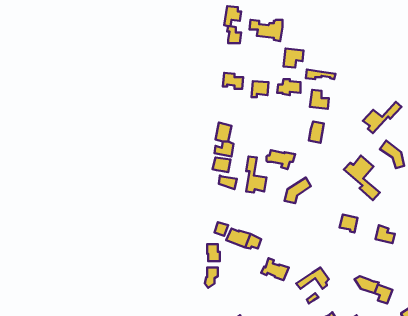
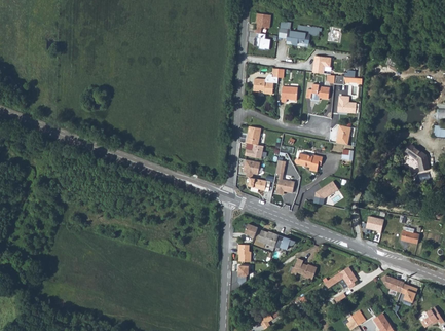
building: [363,102,402,133] -> none
building: [344,156,380,200] -> none

